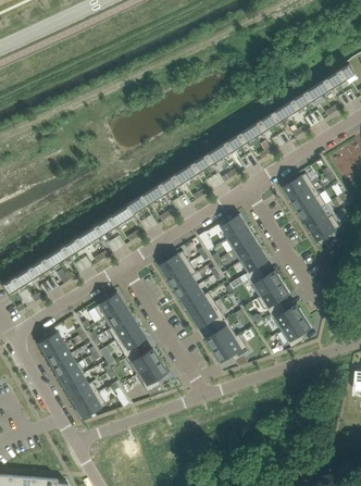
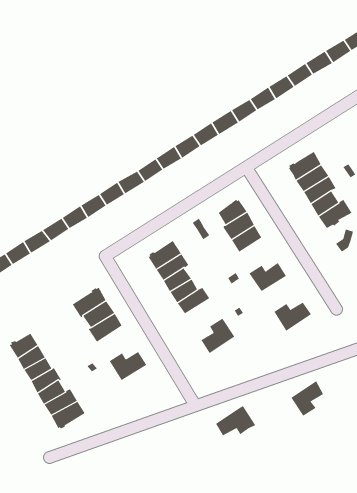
building: [239,248,267,279] -> none
building: [257,282,289,313] -> none
building: [191,301,225,327] -> none
building: [281,315,310,347] -> [290,381,324,416]
building: [114,325,145,357] -> none
building: [213,334,249,361] -> [215,405,256,436]
building: [136,360,165,395] -> none

